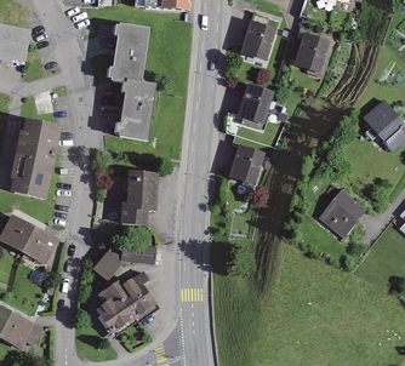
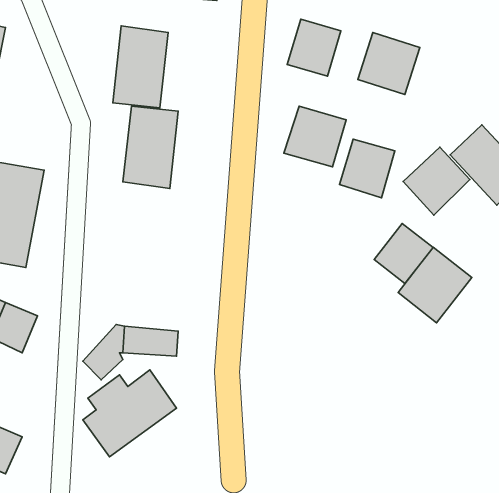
building: none -> [403,147,470,215]
building: [224,144,264,187] -> [340,139,395,198]
building: none -> [374,224,433,284]
building: [110,171,152,227] -> none

